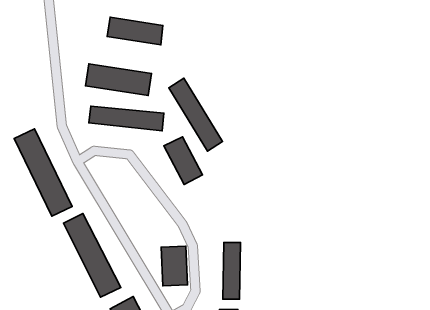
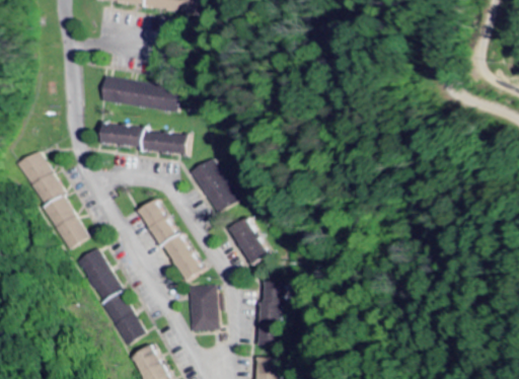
building: [107,17,163,45] -> none
building: [169,78,223,151] -> [144,199,206,283]
building: none -> [233,221,267,266]

